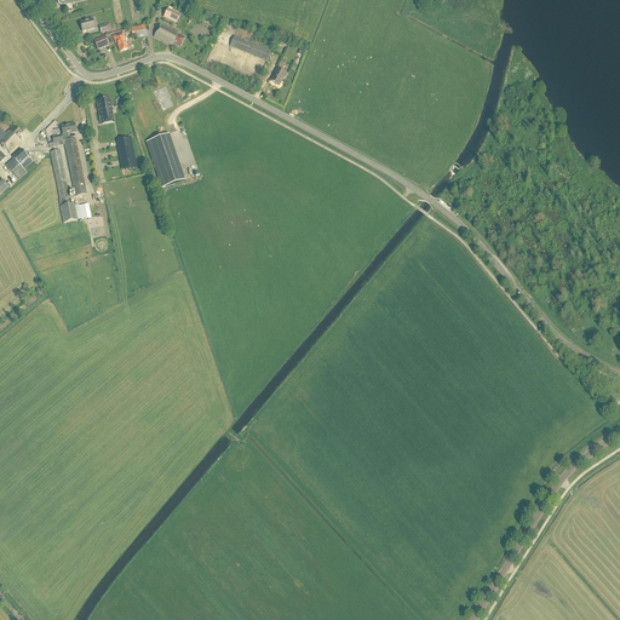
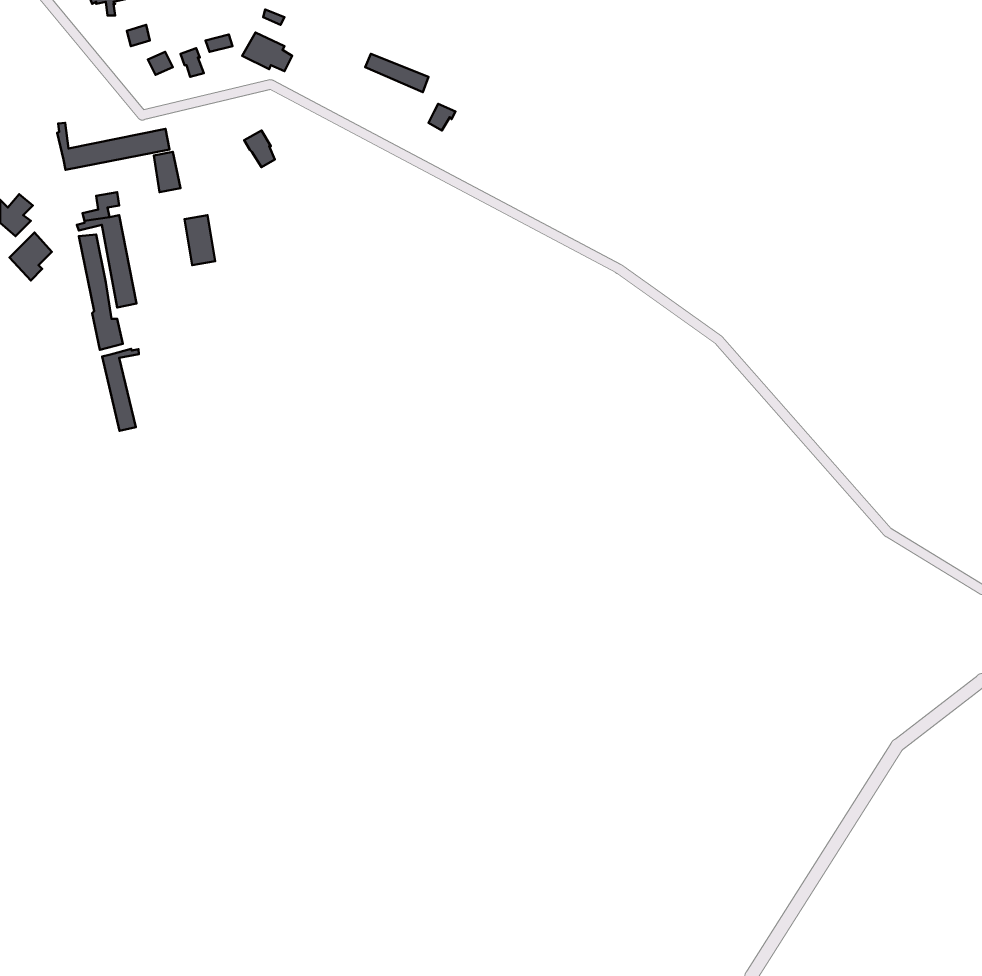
building: none -> [57,123,169,170]
building: [145,132,184,185] -> none
building: none -> [102,349,139,431]

